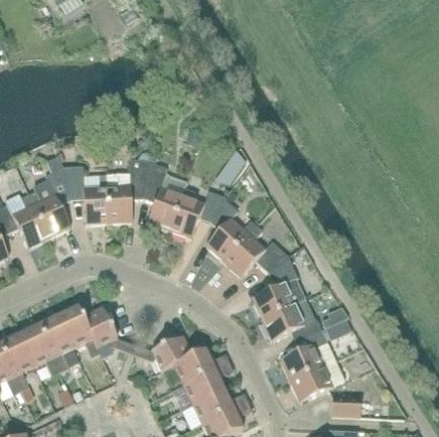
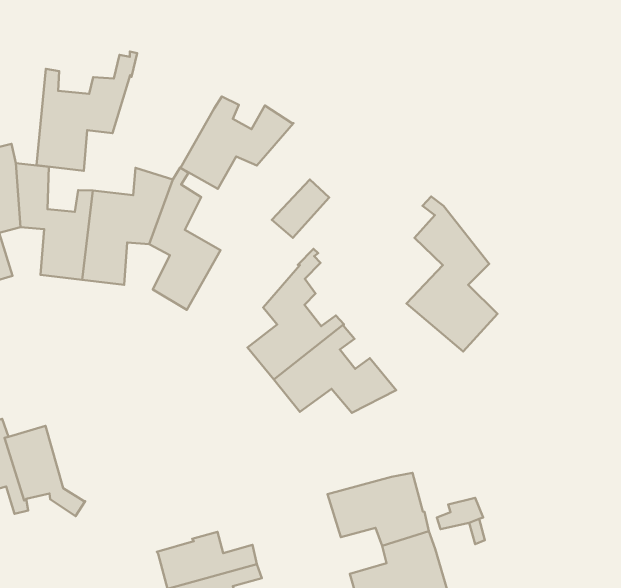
building: none -> [37,51,137,171]
building: none -> [407,197,497,351]
building: [169,188,227,239] -> [181,97,293,189]
building: [252,256,307,318] -> none
building: [136,335,193,372] -> none

